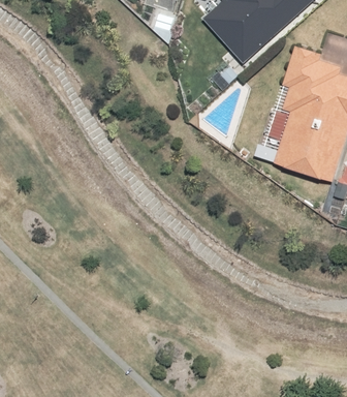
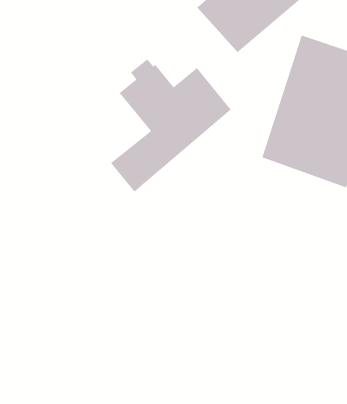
building: none -> [110,58,232,193]

